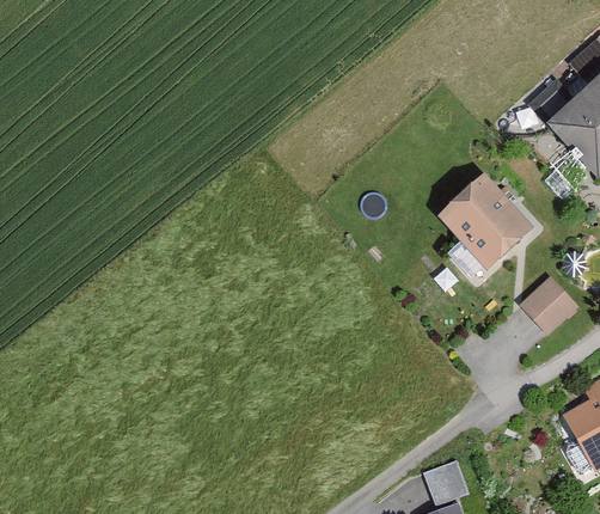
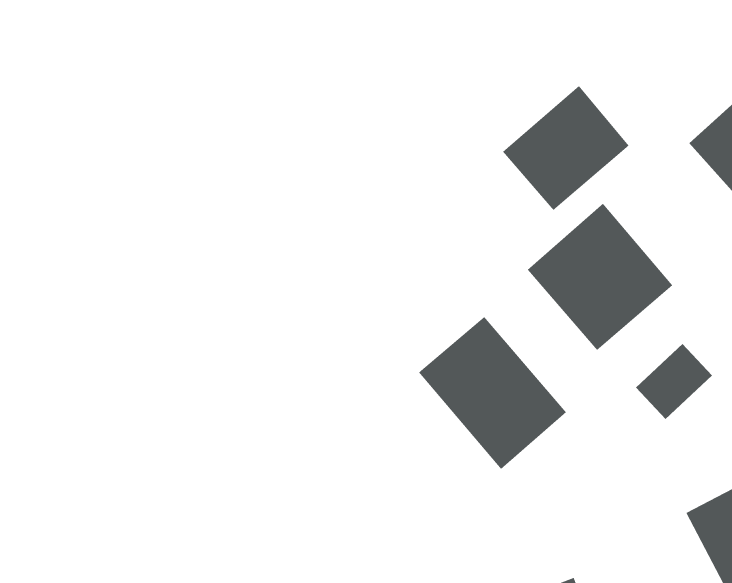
building: none -> [502,85,629,211]
building: none -> [418,316,567,470]

